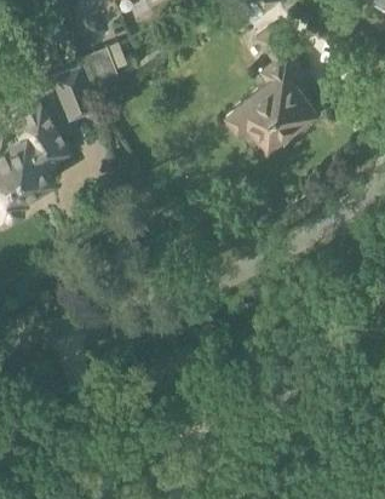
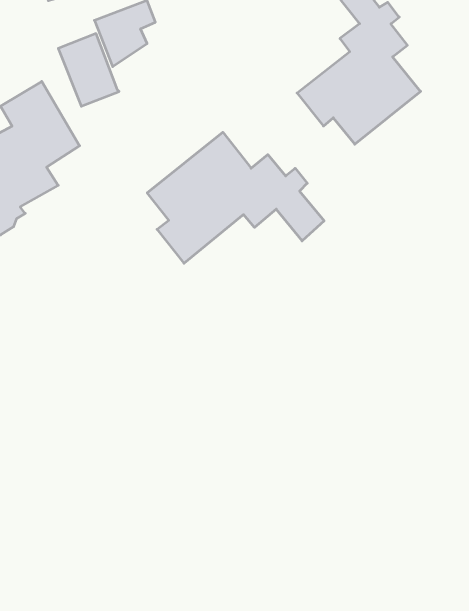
building: none -> [147,132,324,263]

